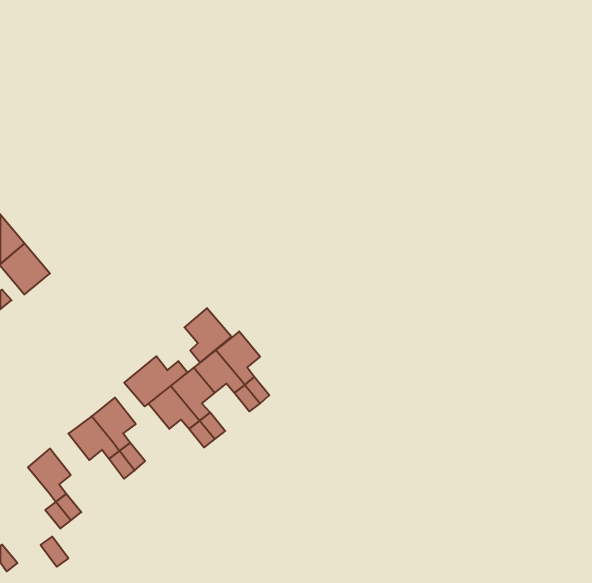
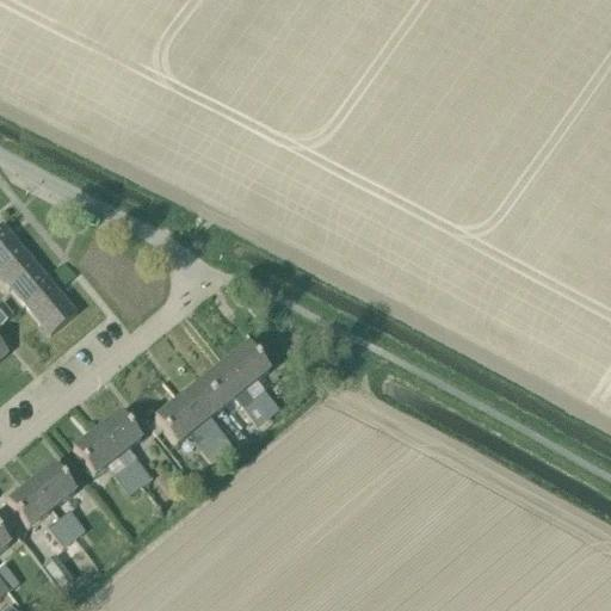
building: none -> [26,282,76,332]
building: [184,308,231,363] -> none
building: [124,356,187,406] -> none
building: none -> [6,481,51,526]

